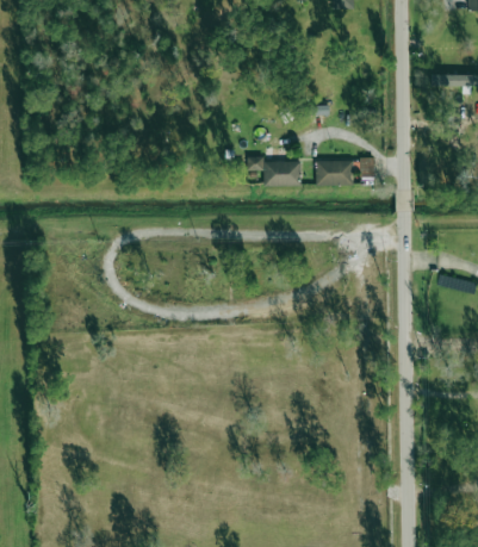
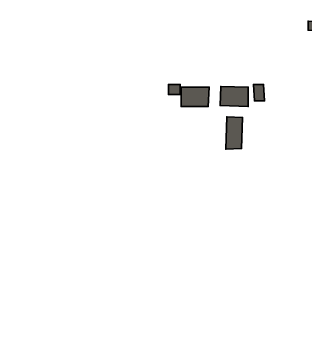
building: none -> [226,117,242,149]

